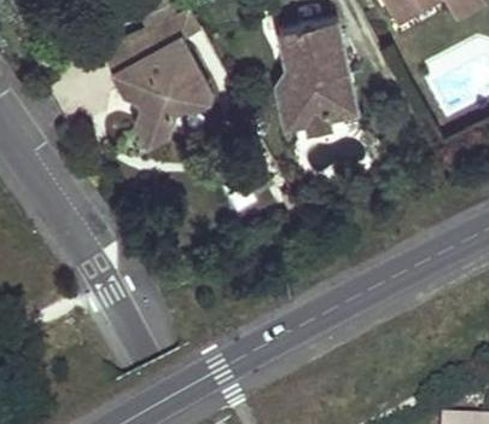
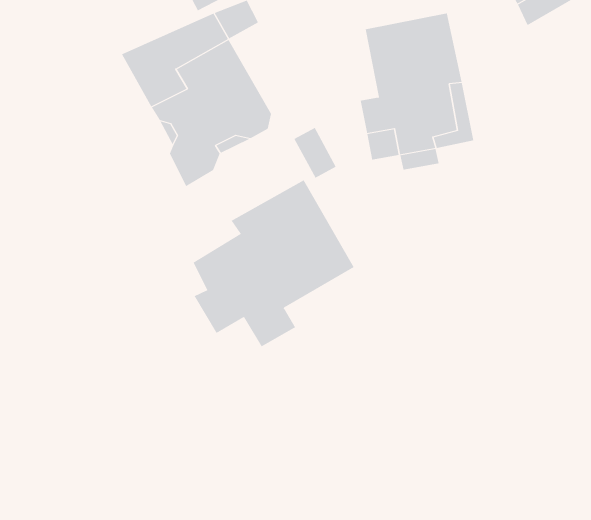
building: none -> [193,180,354,347]

